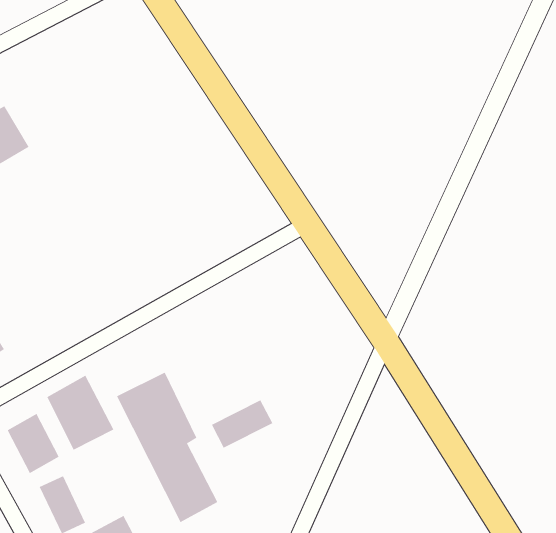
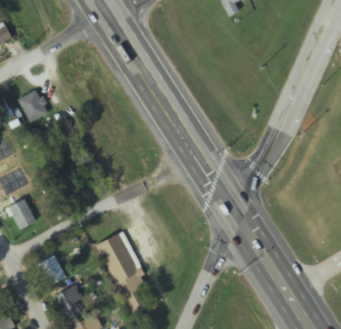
building: [47,375,114,451] -> none
building: [211,400,273,448] -> none

